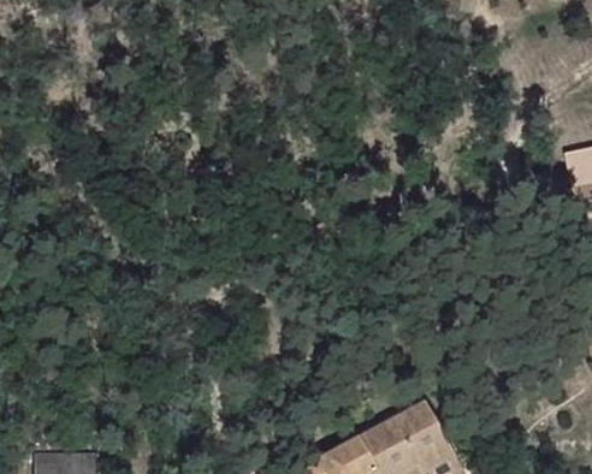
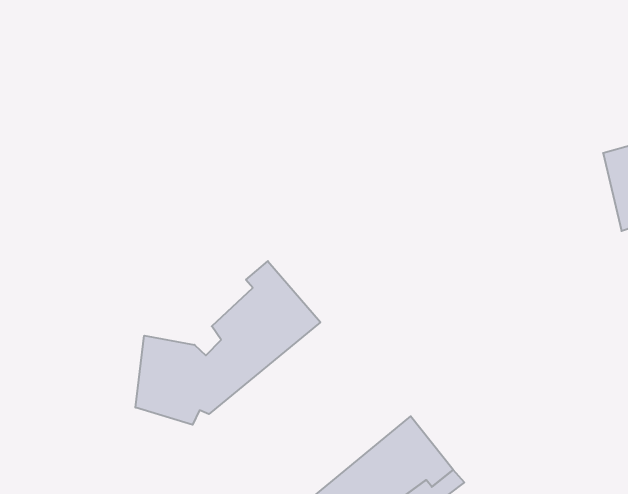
building: none -> [135,261,320,425]

